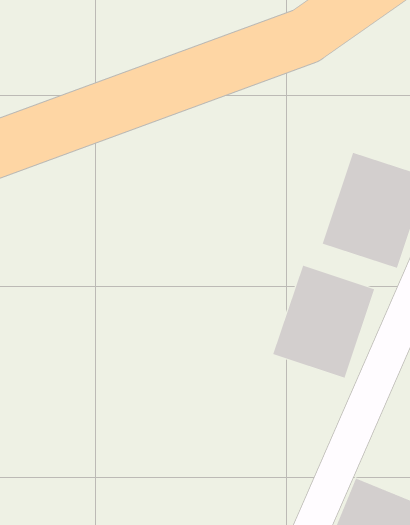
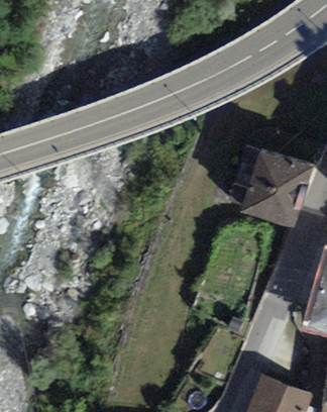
building: [273,265,375,378] -> none

